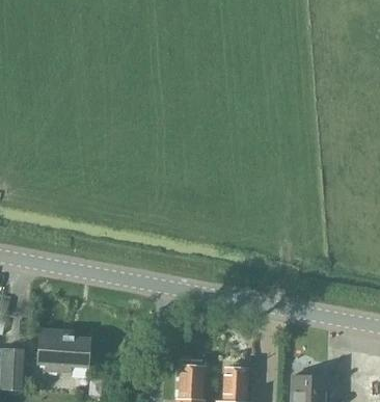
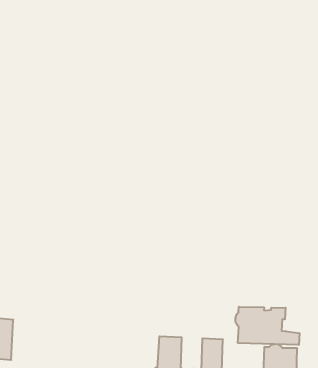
building: [36,327,89,371] -> none
building: none -> [235,307,299,345]

